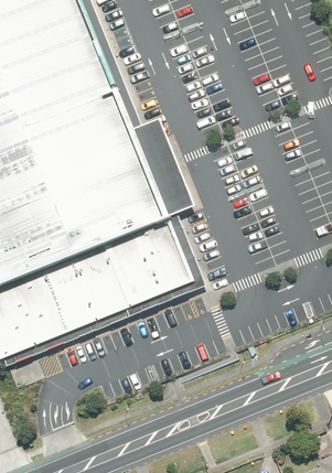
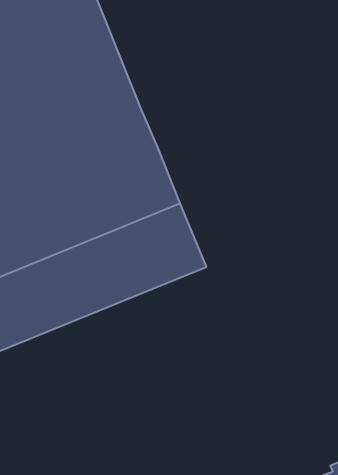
building: [138,121,196,219] -> none

